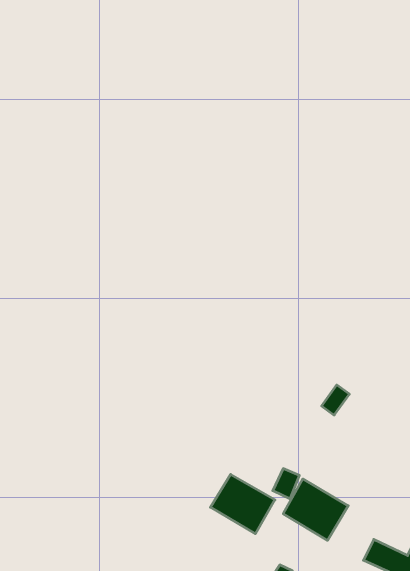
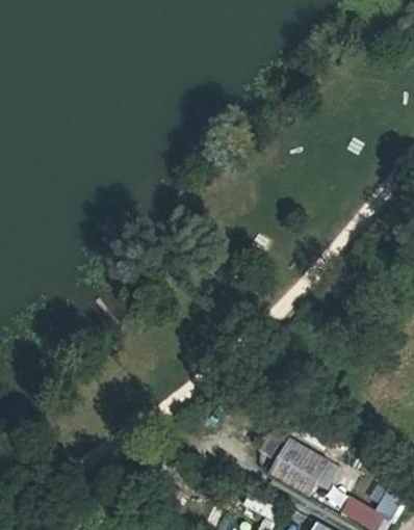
building: [210,474,275,534] -> none

